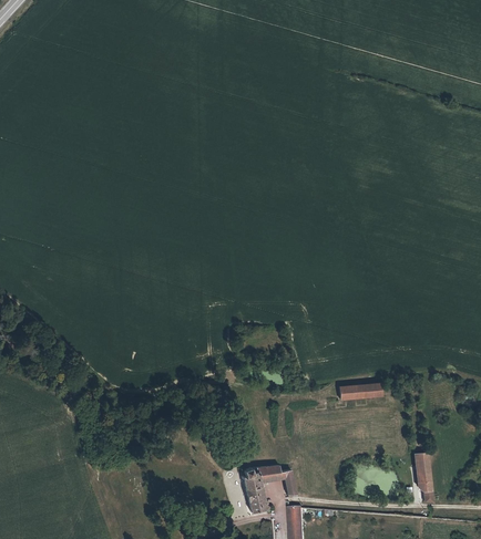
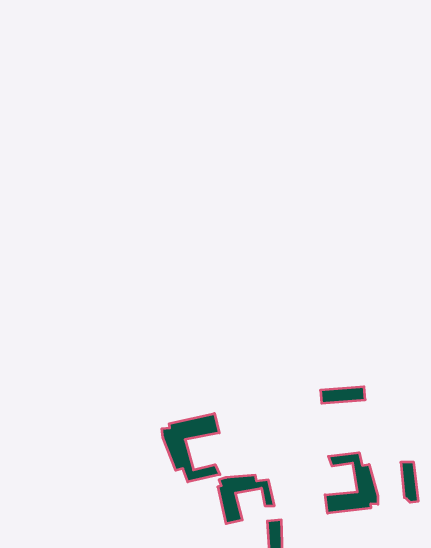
building: none -> [162,413,220,482]
building: none -> [325,453,378,513]

